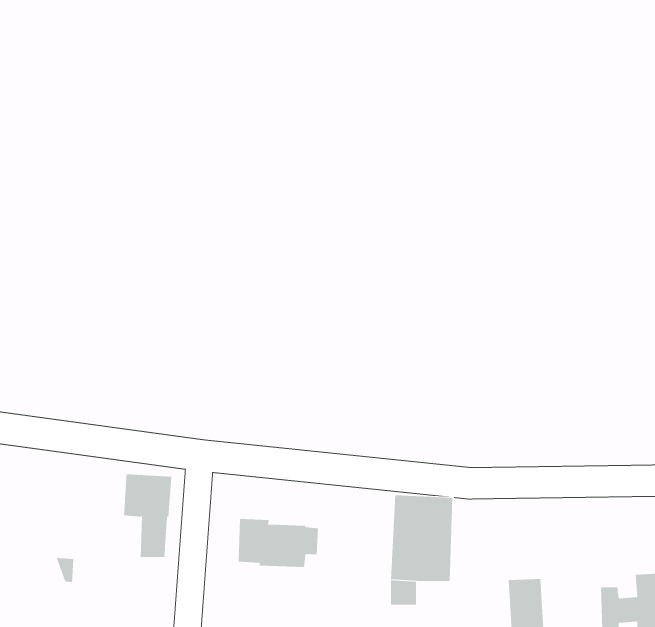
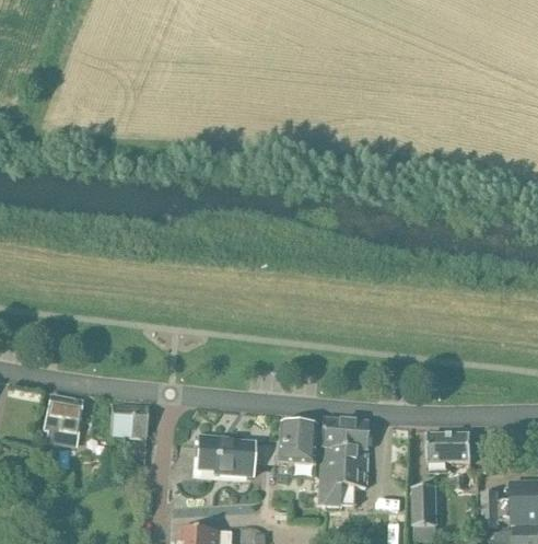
building: none -> [44,394,84,442]
building: none -> [261,423,317,468]
building: none -> [428,433,471,462]

